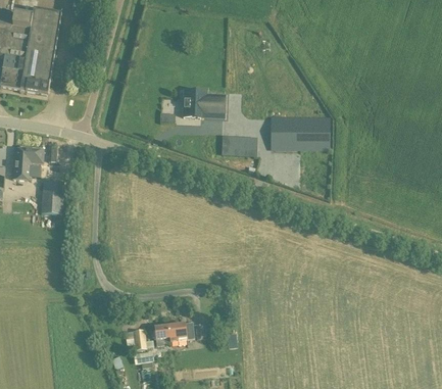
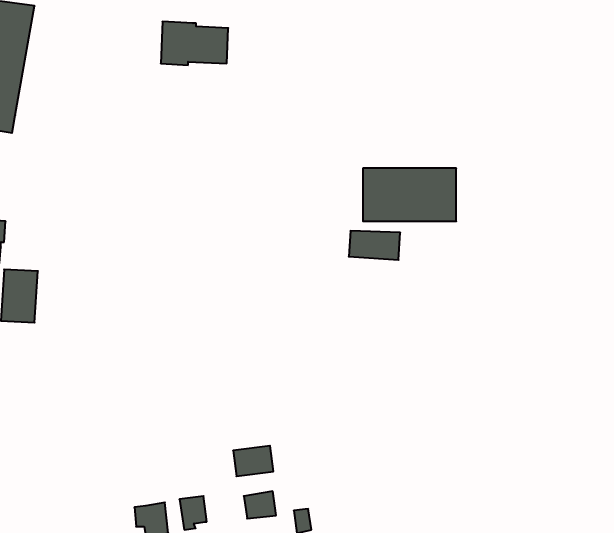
building: [182,90,225,117] -> [161,22,228,65]
building: [222,138,254,156] -> [349,231,400,260]
building: [168,322,194,341] -> [233,446,273,476]

